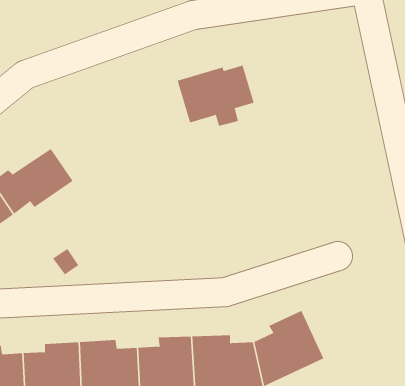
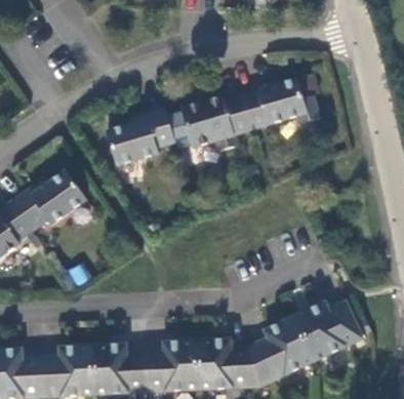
building: none -> [240,79,318,129]
building: none -> [105,107,173,166]
building: none -> [293,303,361,362]

